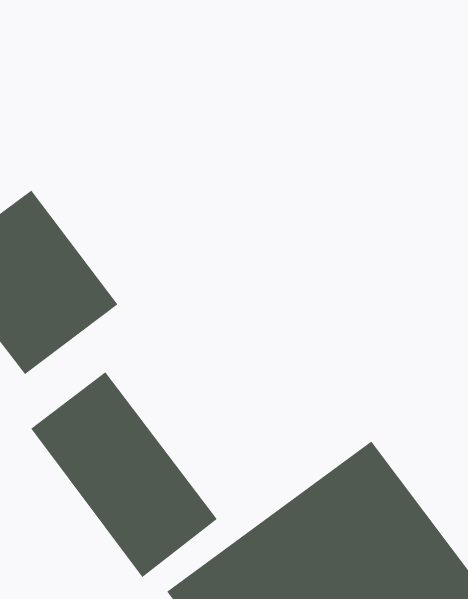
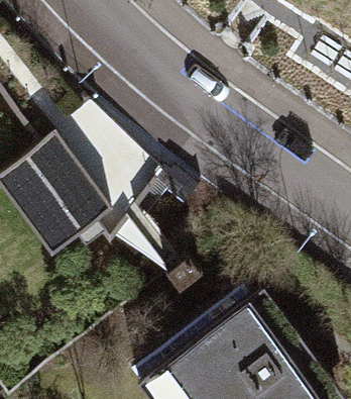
building: [30,371,218,578] -> none

